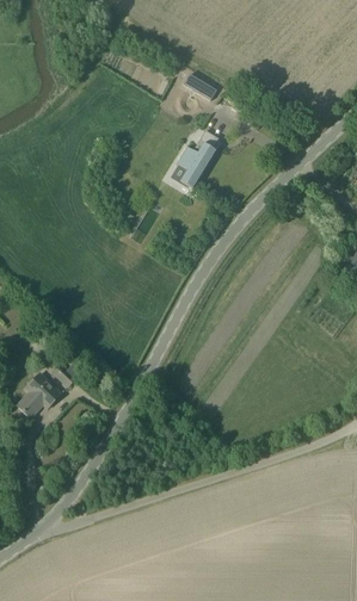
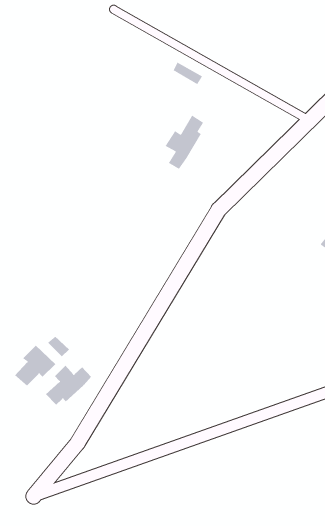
building: none -> [45,365,92,405]

